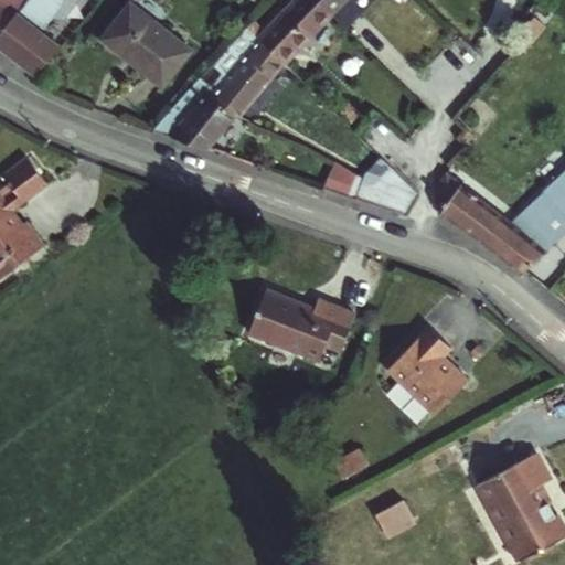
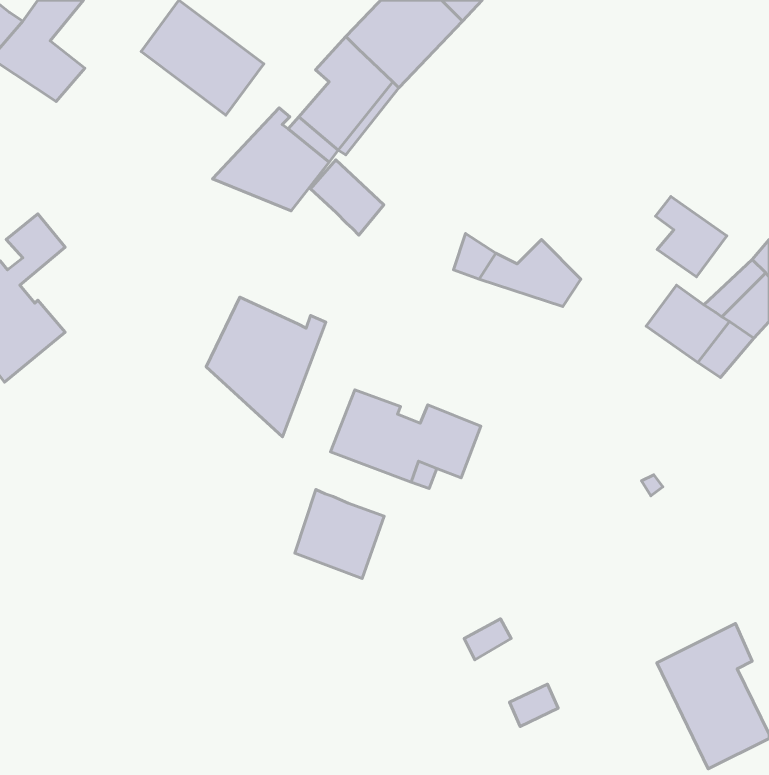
building: none -> [310,160,384,235]
building: [440,179,492,237] -> [656,196,727,277]
building: none -> [206,297,326,437]
building: [386,332,467,418] -> none
building: none -> [295,489,384,579]

